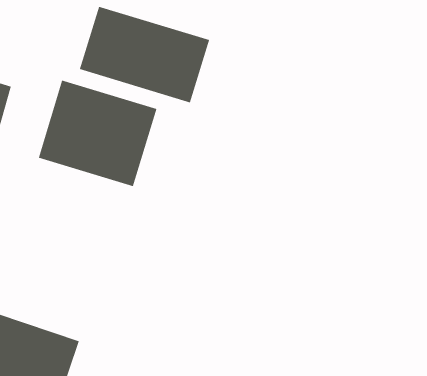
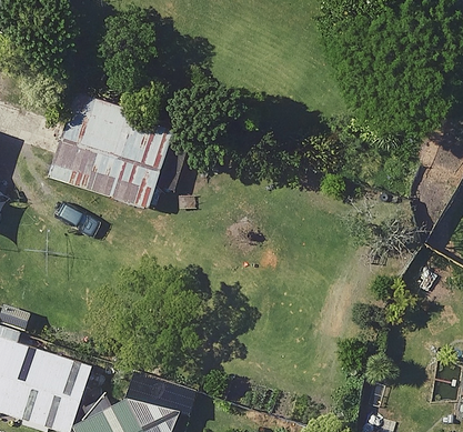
building: [79,6,210,103] -> none

